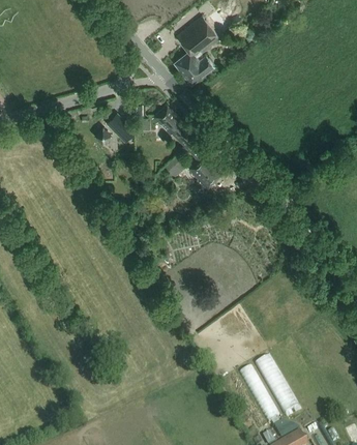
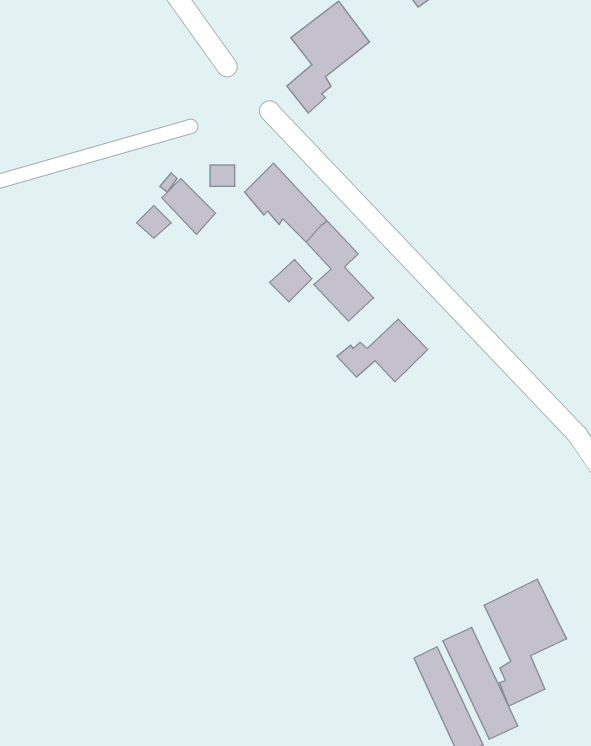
building: [185,56,215,86] -> none
building: none -> [337,319,428,382]
building: none -> [484,579,567,706]

